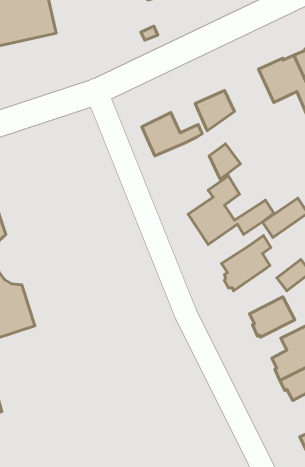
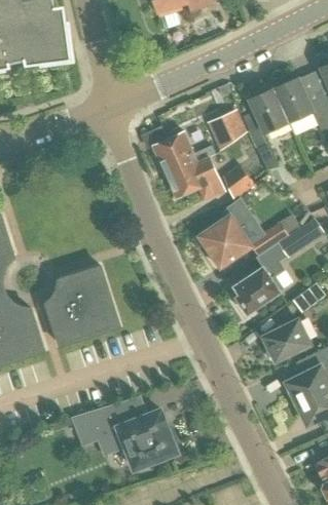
building: none -> [245,88,288,170]
building: none -> [167,157,225,202]
building: none -> [45,266,120,346]
building: none -> [73,403,177,469]

